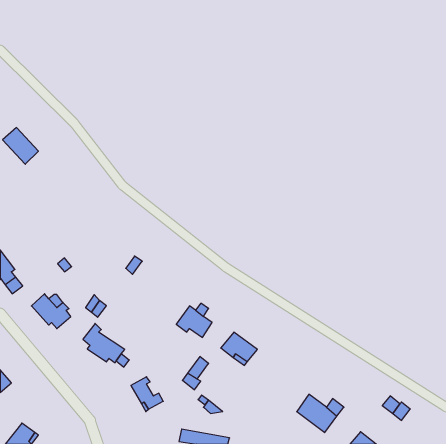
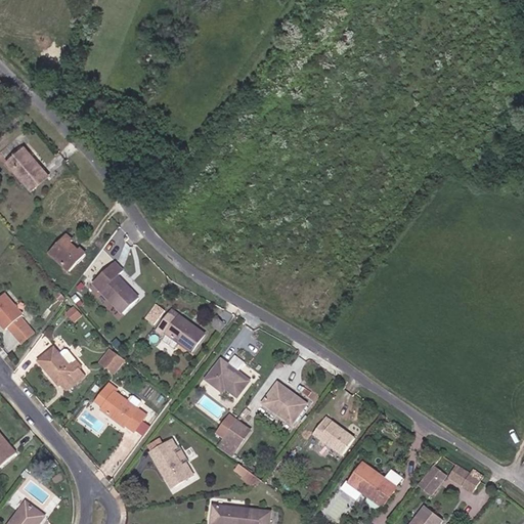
building: none -> [45,235,83,273]
building: none -> [90,260,135,310]
building: none -> [157,313,203,354]
building: none -> [310,419,350,455]
building: none -> [417,464,446,494]

